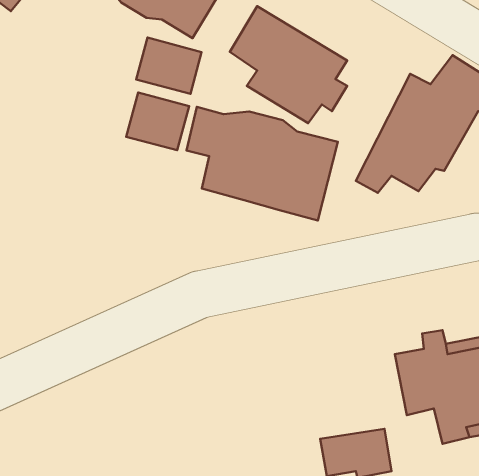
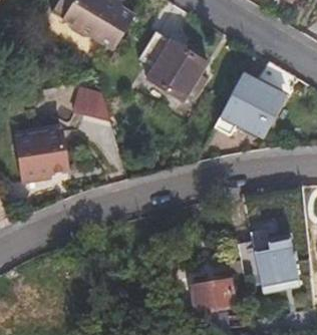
building: [136,38,201,94] -> none
building: [187,107,338,220] -> none
building: none -> [18,130,70,182]

